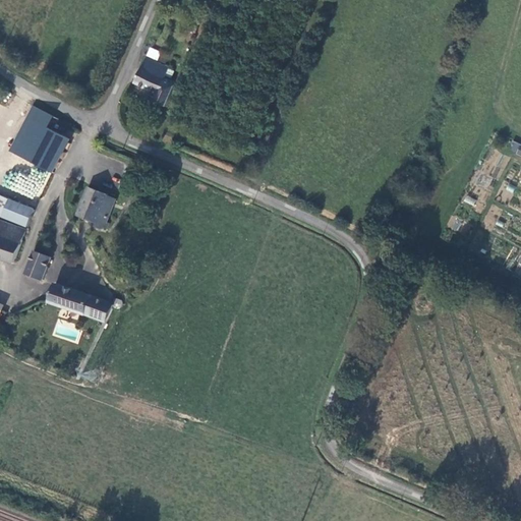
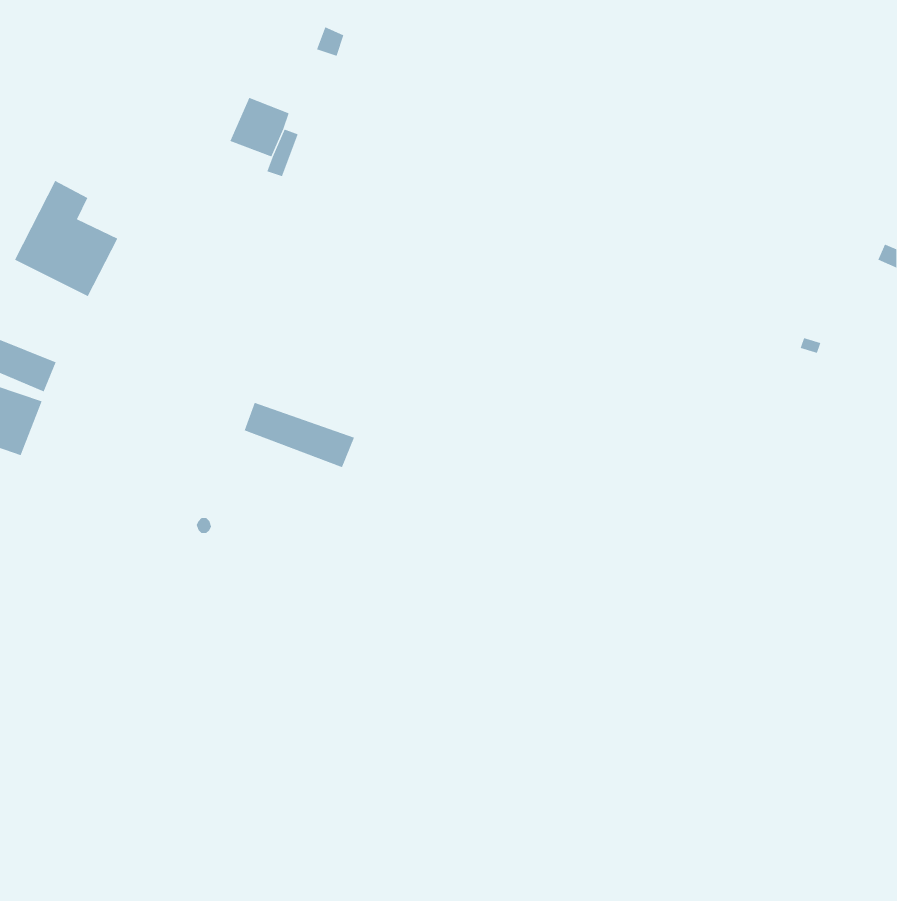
building: [78,185,114,228] -> none
building: [23,251,48,280] -> none
building: [48,285,112,323] -> [244,402,355,468]

